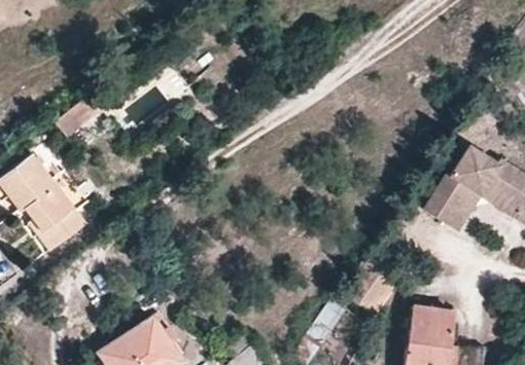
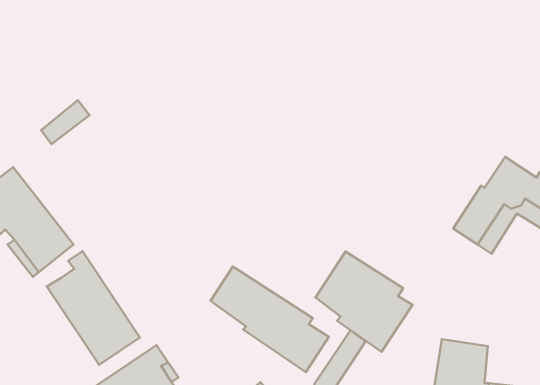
building: none -> [47,251,140,365]
building: none -> [316,252,412,352]
building: none -> [210,266,329,372]

